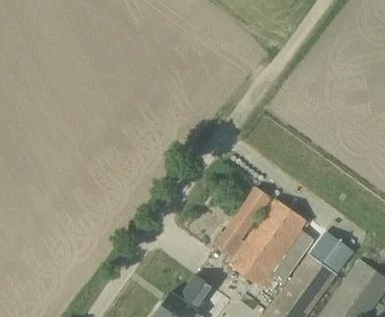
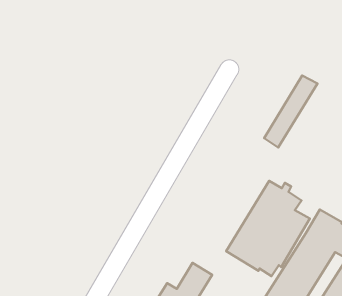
building: [215,186,271,255] -> [264,75,317,148]

